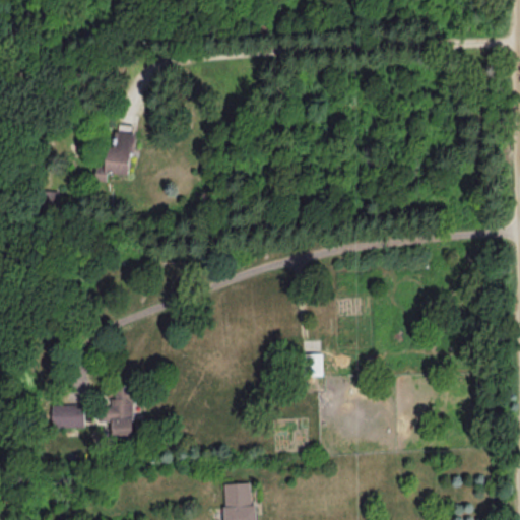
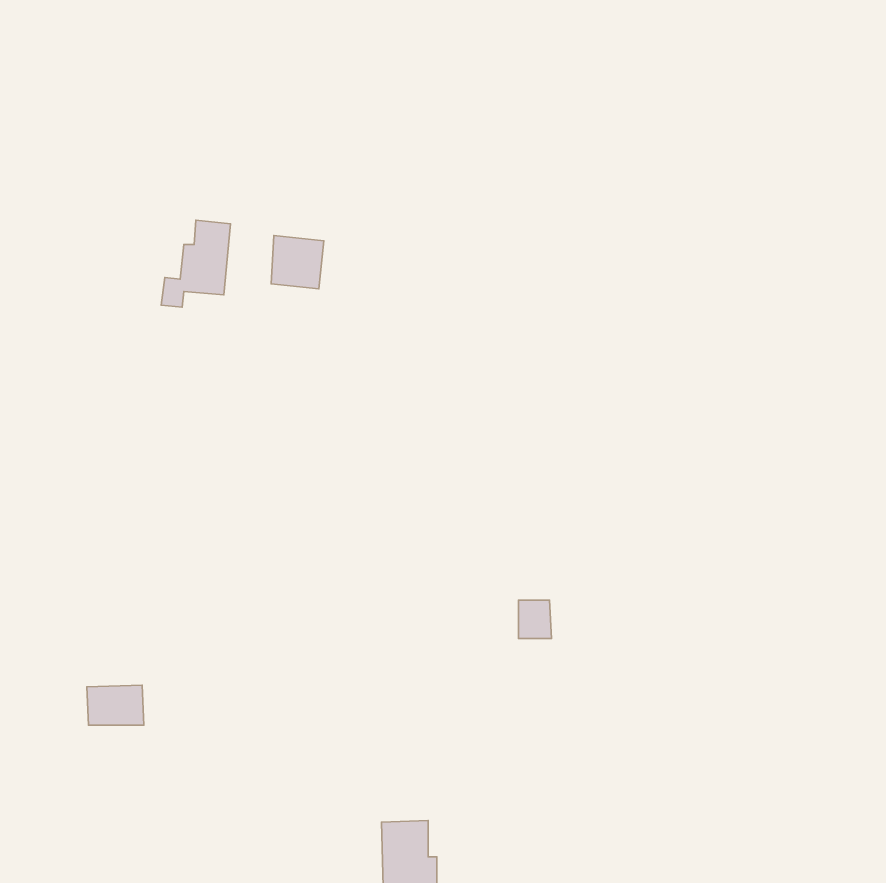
building: none -> [271,236,324,289]
building: [101,389,132,438] -> none

